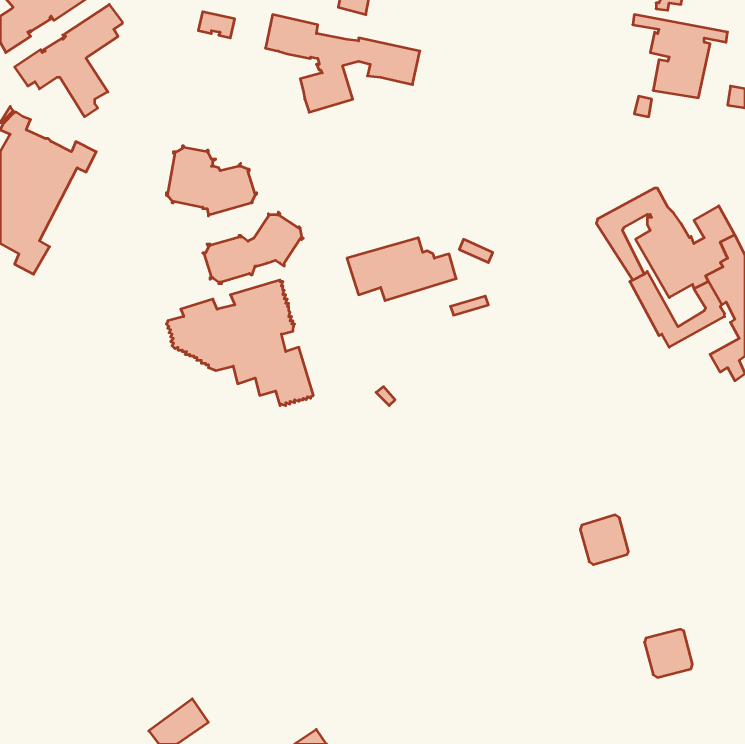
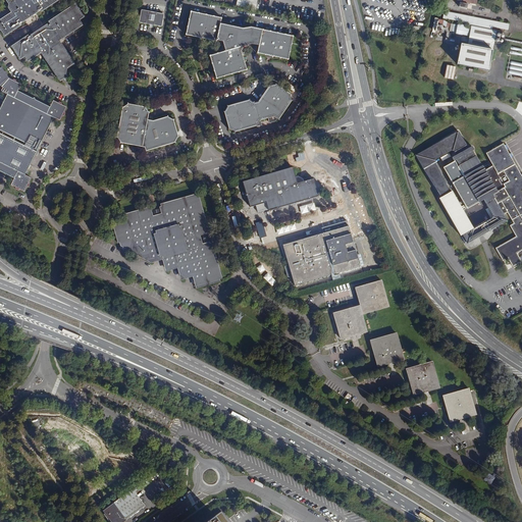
building: [203,212,303,284] -> [223,82,294,132]
building: none -> [282,224,361,284]
building: none -> [332,278,388,337]
building: none -> [369,332,404,366]
building: [644,629,692,677] -> [442,387,476,421]

